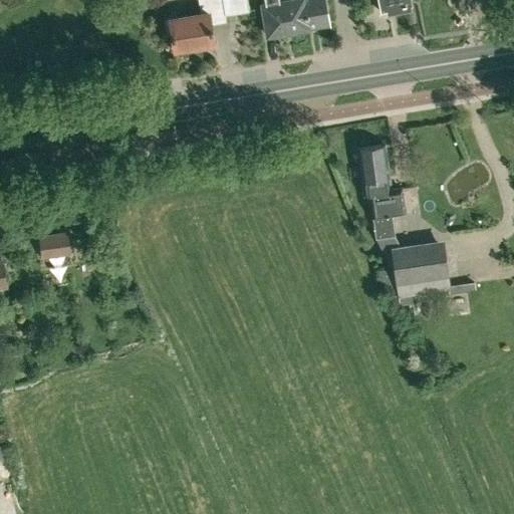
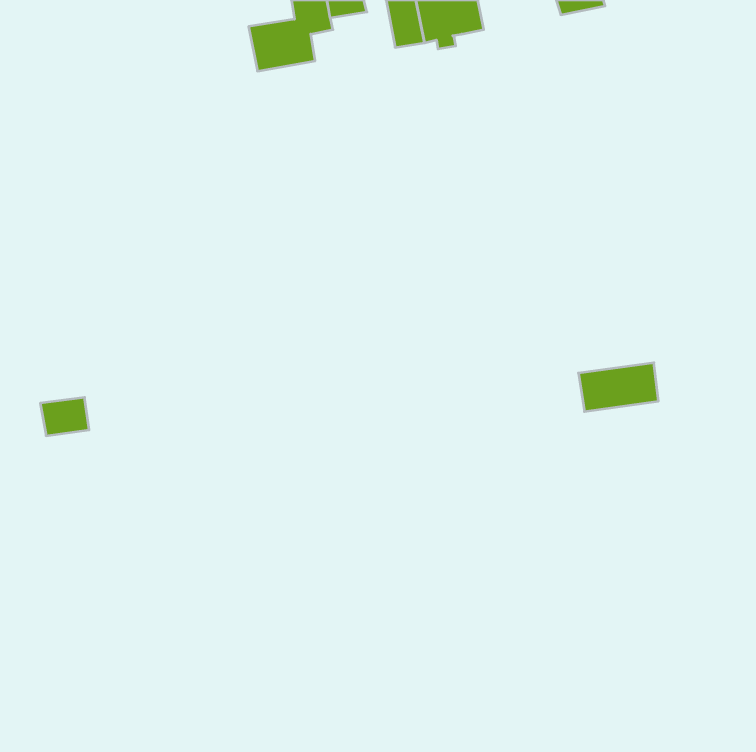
building: [358,147,404,236] -> none
building: [38,234,71,260] -> [40,397,89,436]

